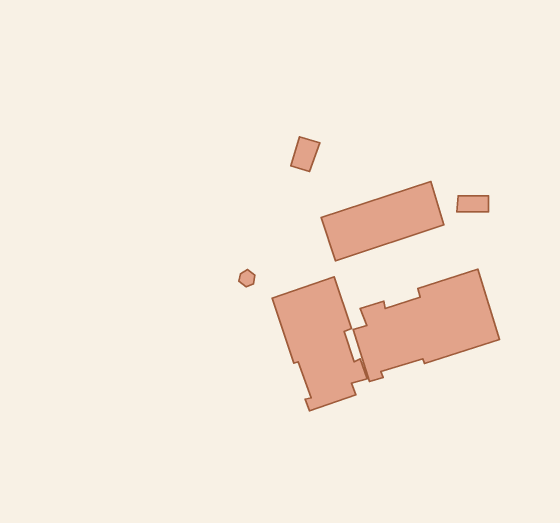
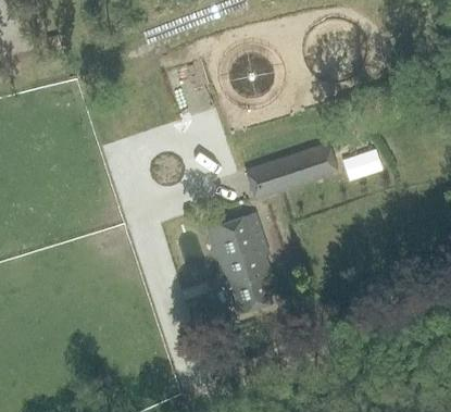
building: [353,269,499,381] -> none

